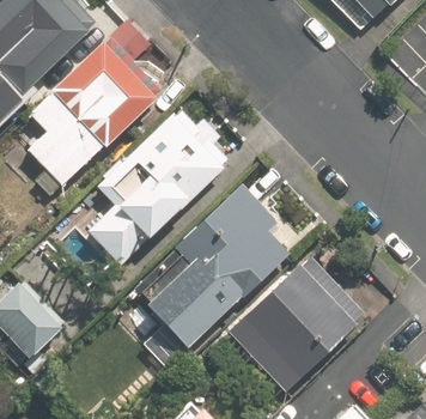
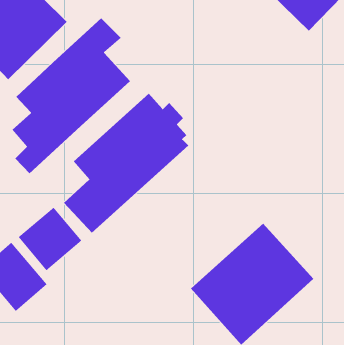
building: [146,183,286,347] -> none
building: none -> [18,207,82,271]

